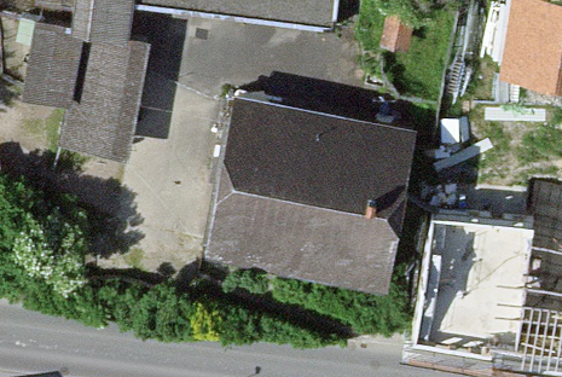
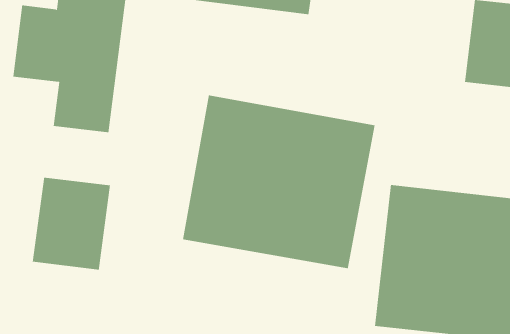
building: none -> [32,177,111,270]

